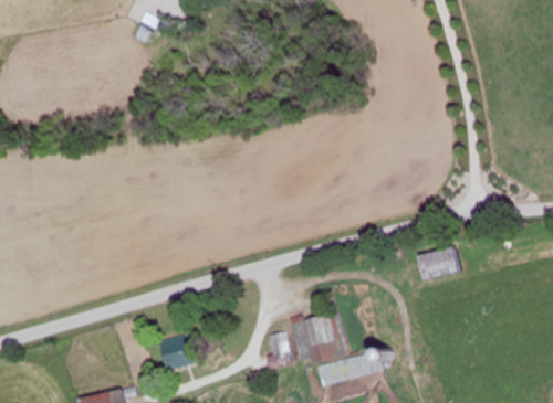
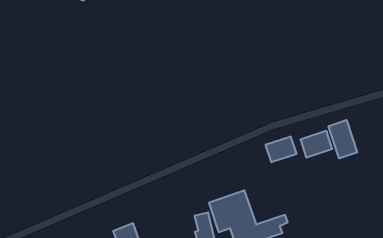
building: none -> [329,120,357,158]
building: none -> [266,136,296,162]

